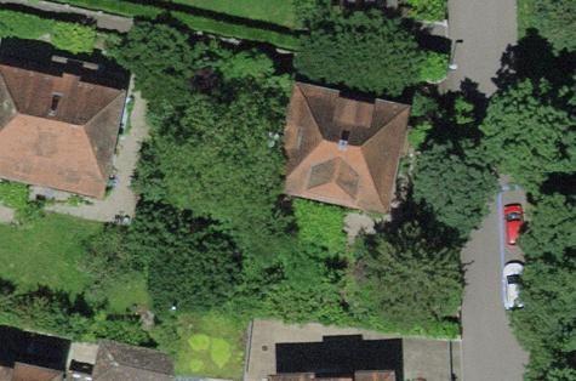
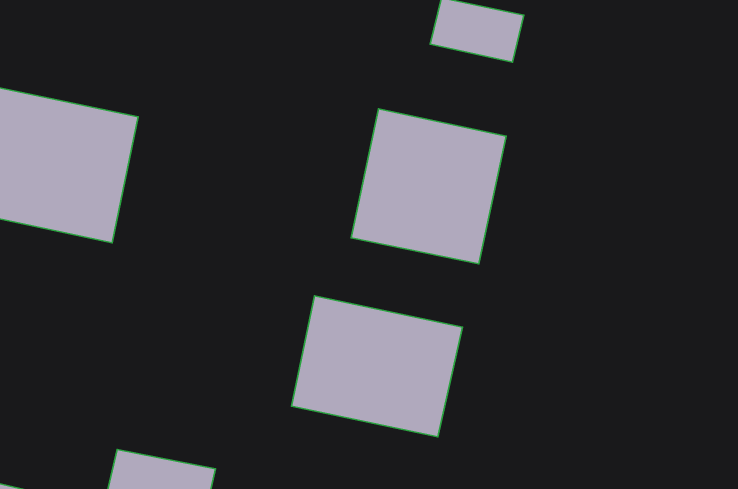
building: none -> [291,296,462,437]

